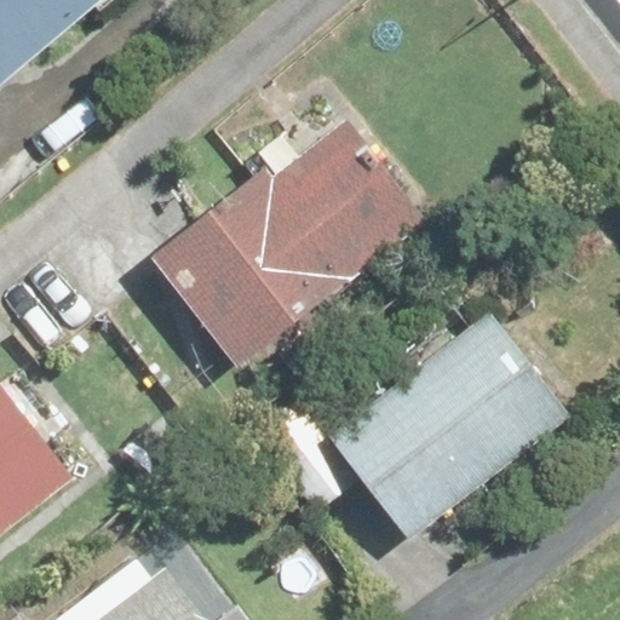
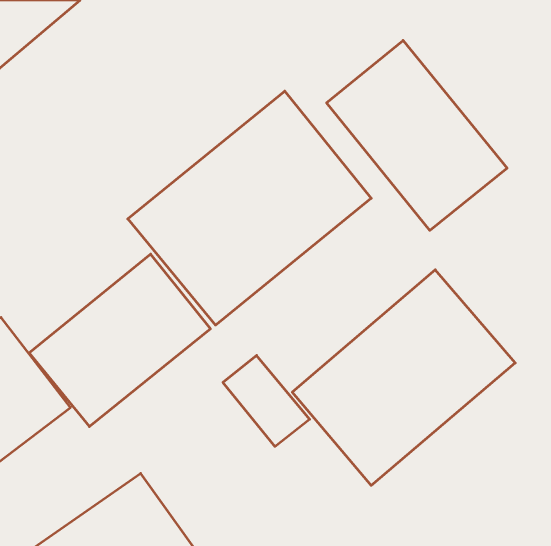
building: none -> [327,40,507,230]
building: none -> [29,254,210,427]

